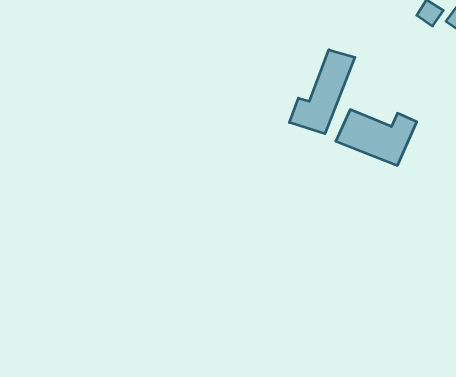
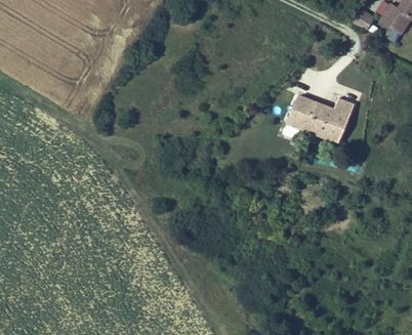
building: [289,50,355,134] -> none

